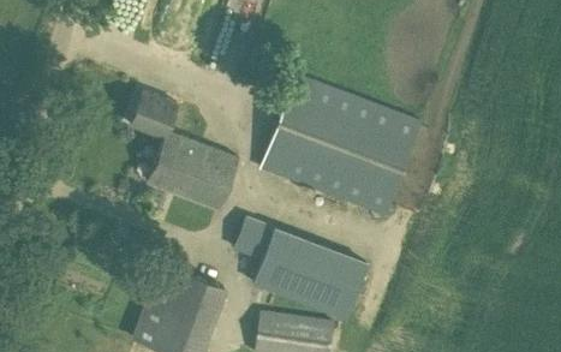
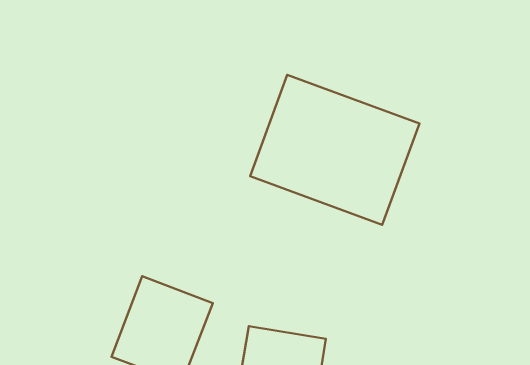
building: [132,91,240,210] -> none
building: [233,219,368,321] -> none

